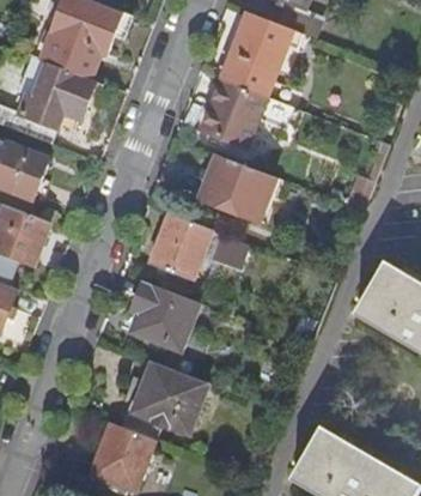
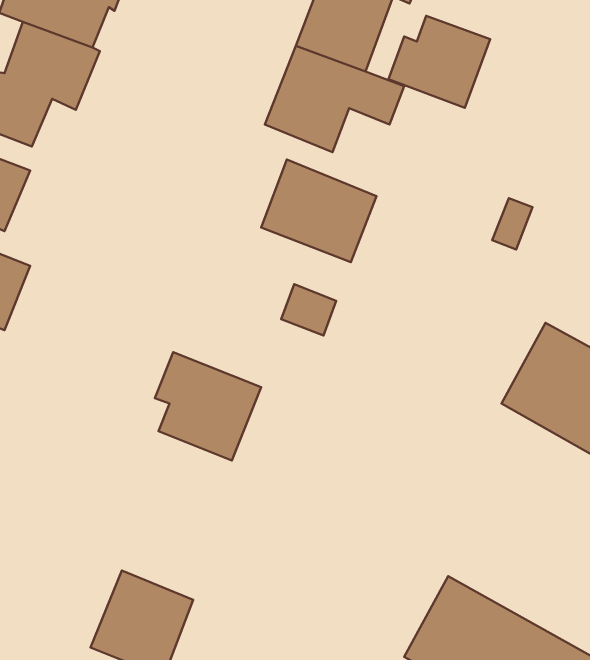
building: none -> [388,16,490,108]
building: [148,211,213,279] -> none
building: [126,361,205,431] -> none

